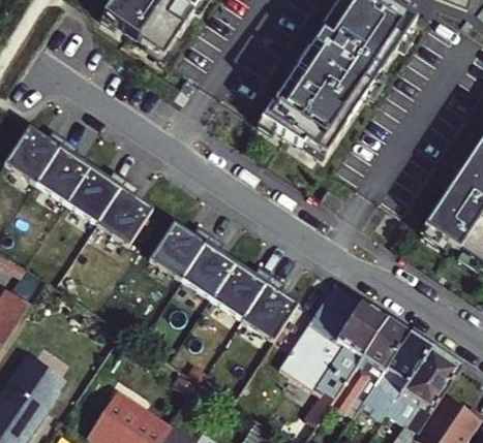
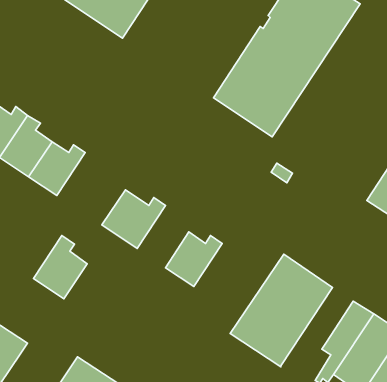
building: [95,178,152,245] -> [34,235,87,299]
building: [180,233,235,299] -> none
building: [240,274,297,340] -> none
building: [332,320,409,413] -> none

